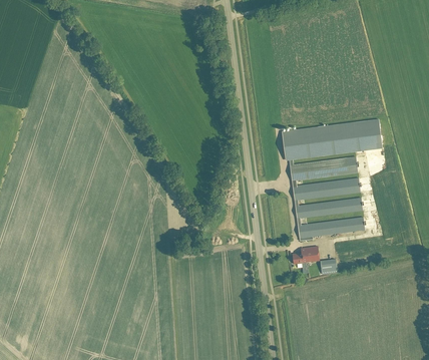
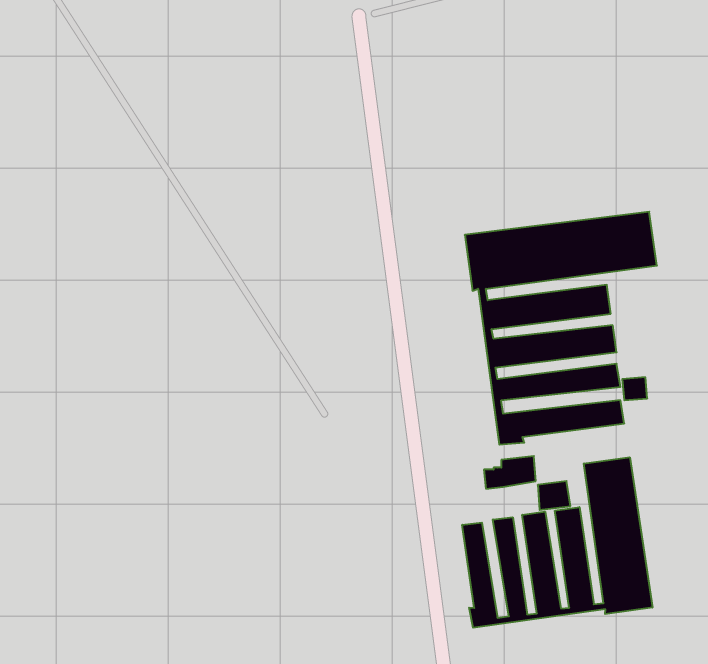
building: none -> [462,457,652,628]

